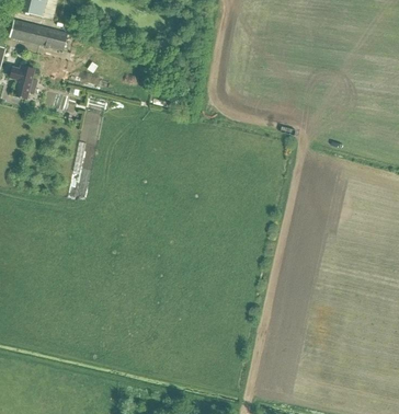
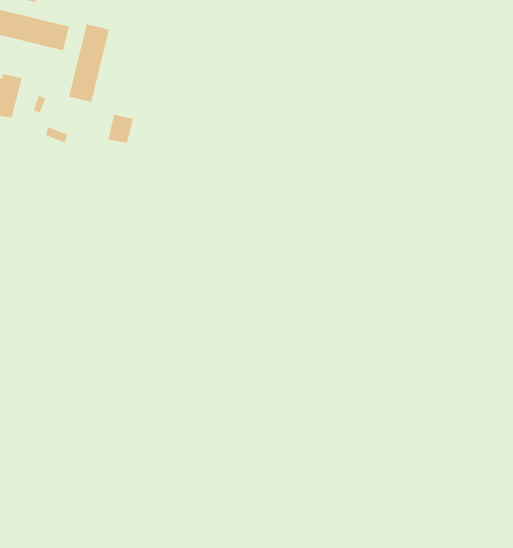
building: none -> [68,24,110,103]

